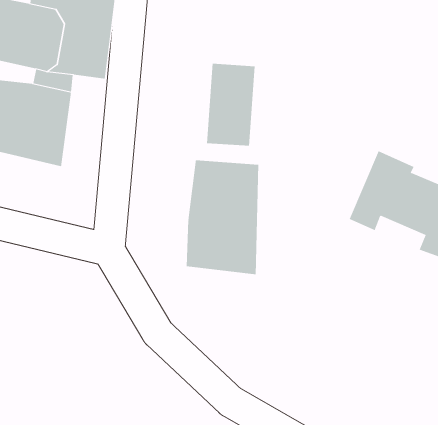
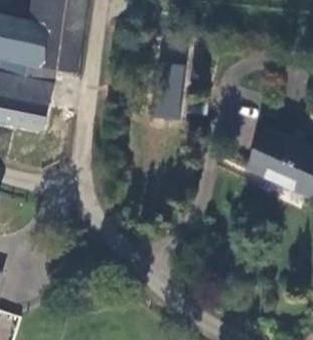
building: [186,159,259,275] -> none

